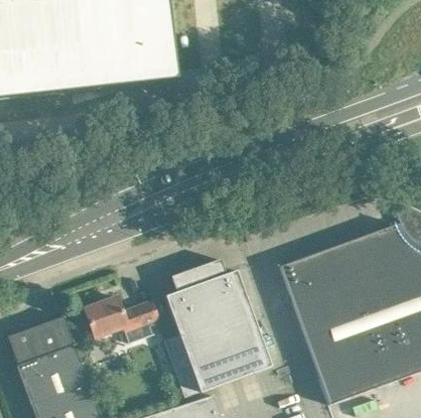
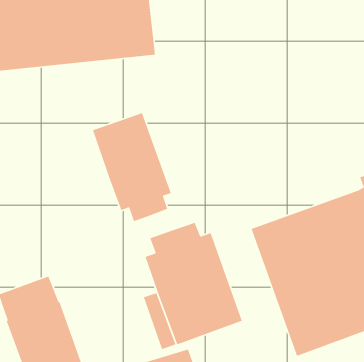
building: none -> [92,112,172,222]
building: [84,296,158,342] -> none

